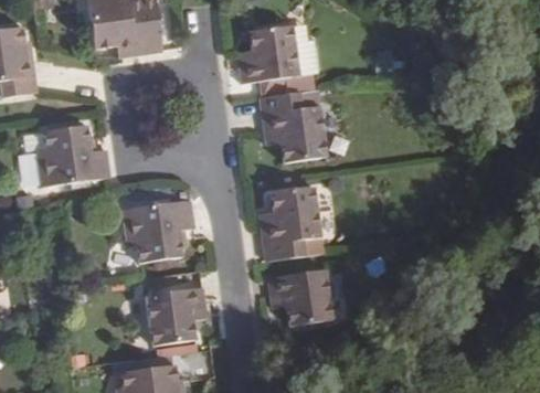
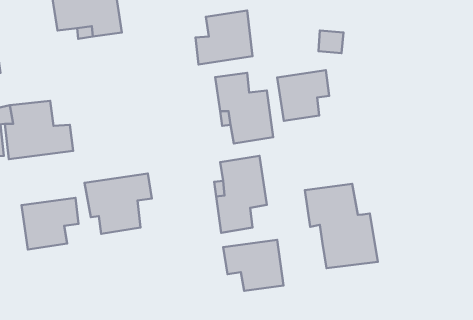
building: none -> [277,70,329,121]
building: none -> [305,184,378,268]
building: [146,289,207,344] -> [22,198,79,250]

